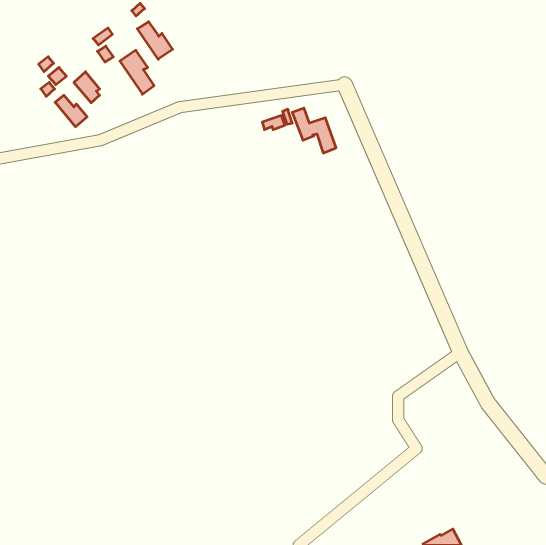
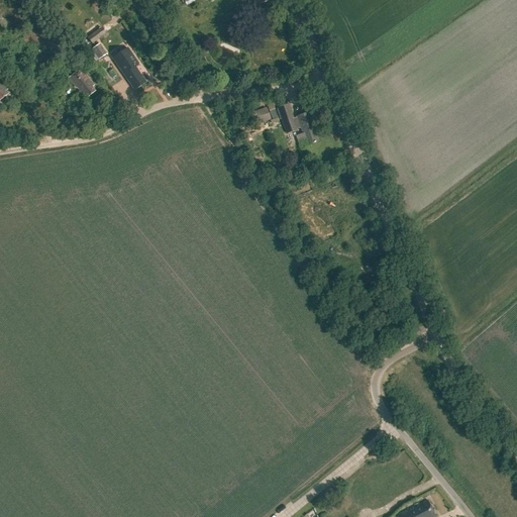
building: [137,22,173,59] -> none
building: [55,95,87,127] -> none

